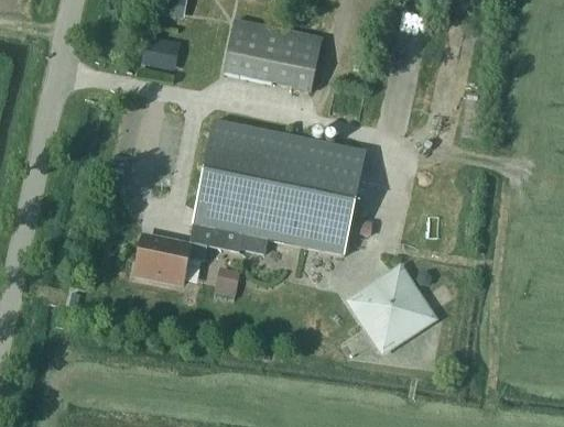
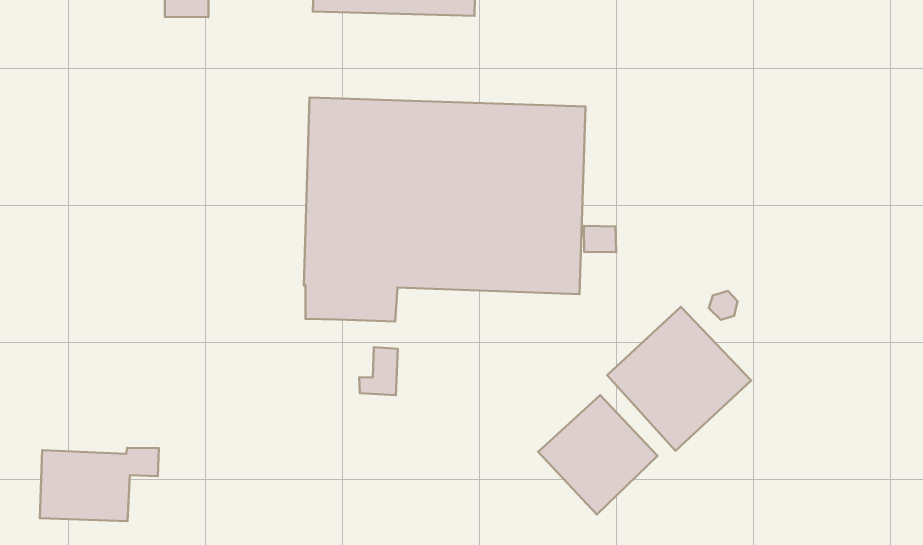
building: [135,236,208,283] -> [40,448,159,521]
building: none -> [538,395,657,514]

